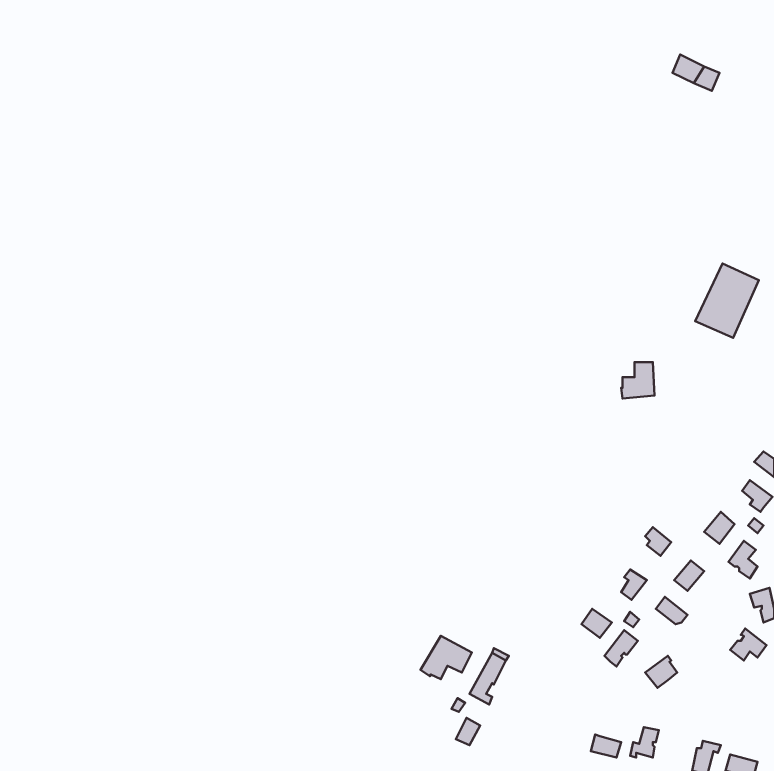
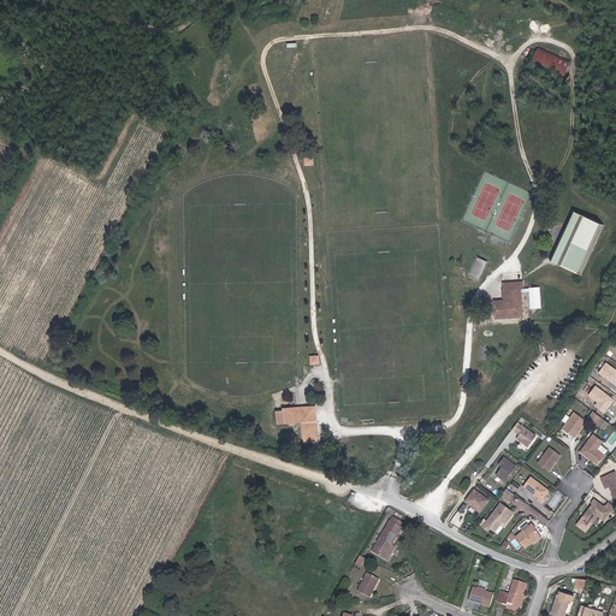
building: none -> [283,409,318,440]
building: [421,636,472,679] -> none

